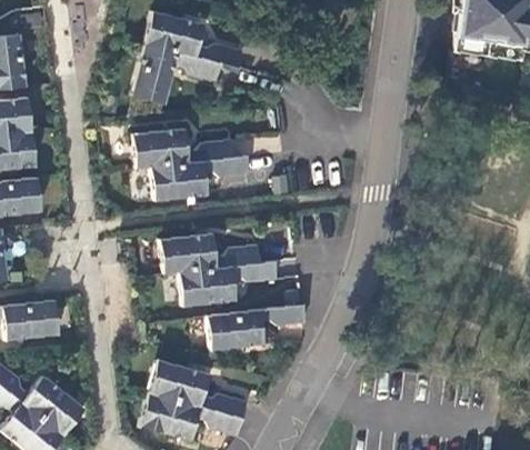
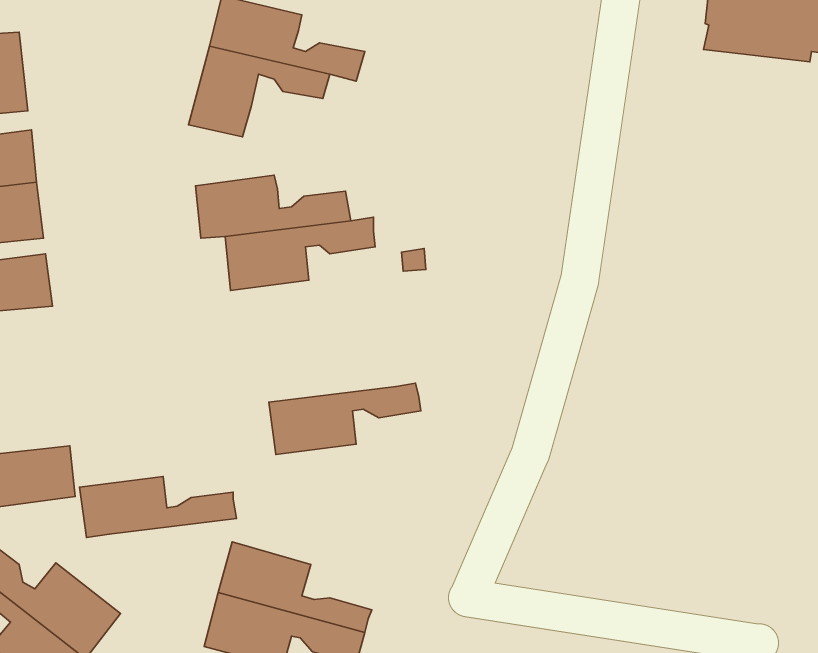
building: [161,234,261,273] -> [79,477,237,538]
building: [210,303,307,349] -> none

